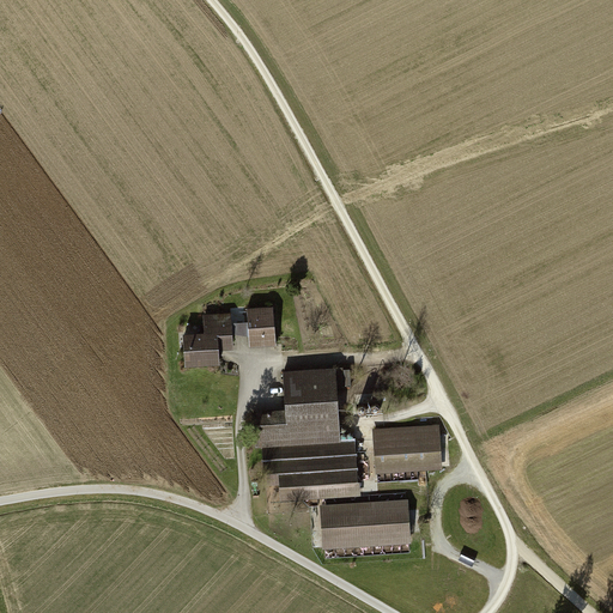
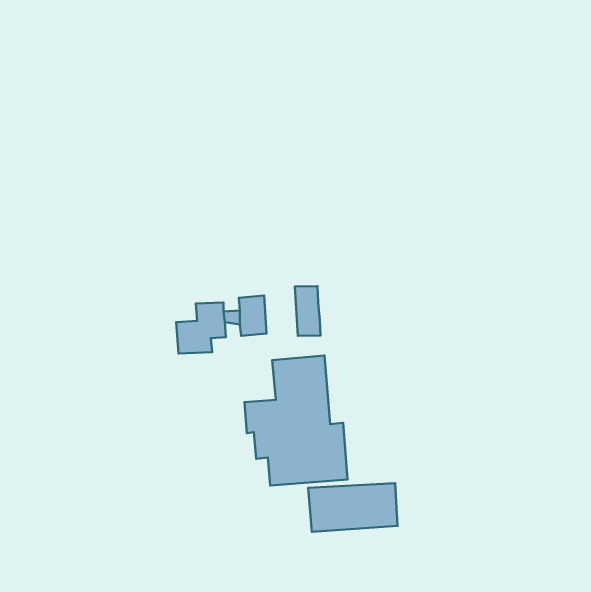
building: none -> [295,286,320,336]
building: [371,424,442,474] -> none

